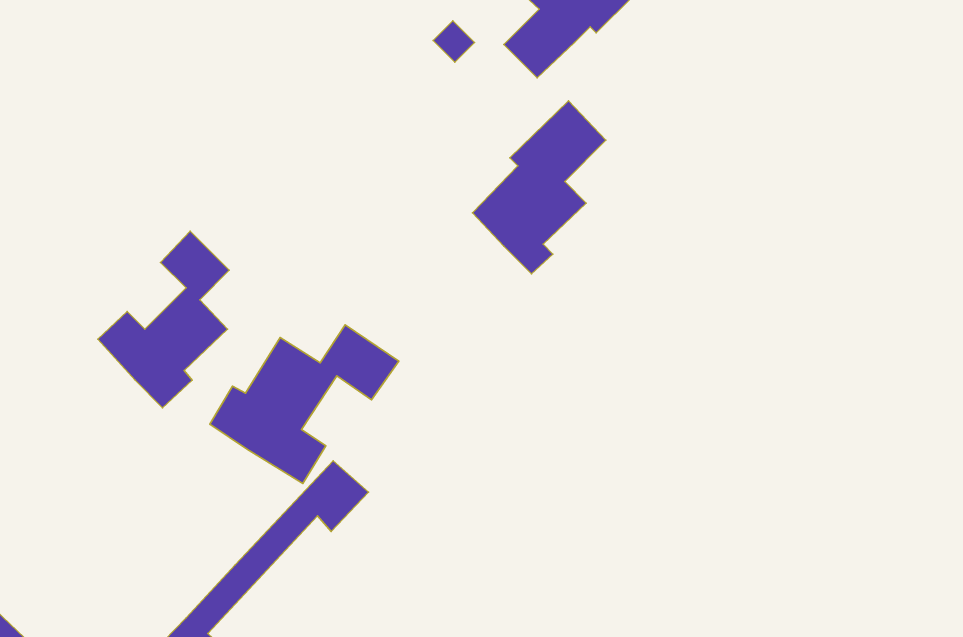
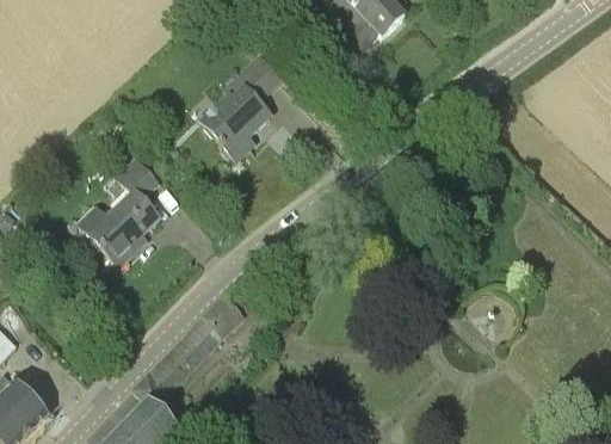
building: [473,101,606,274] -> [202,54,283,159]
building: [210,325,399,484] -> none

